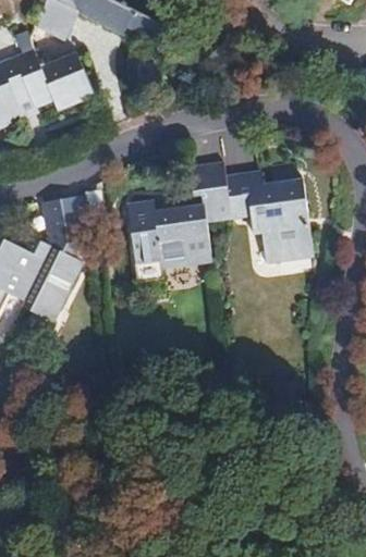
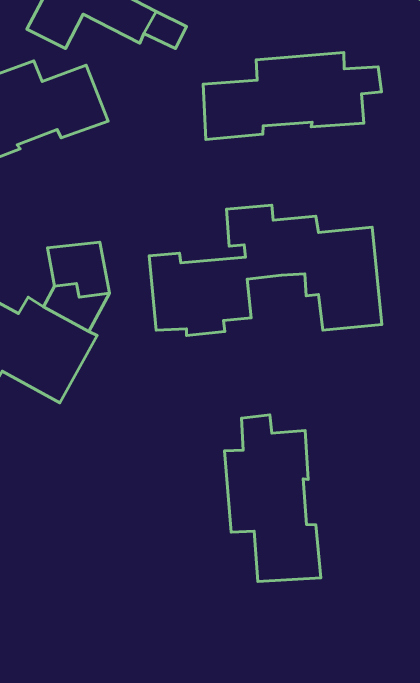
building: none -> [203,53,381,139]
building: none -> [225,415,321,582]

